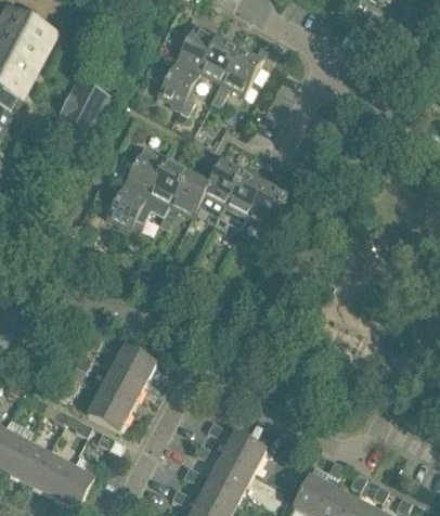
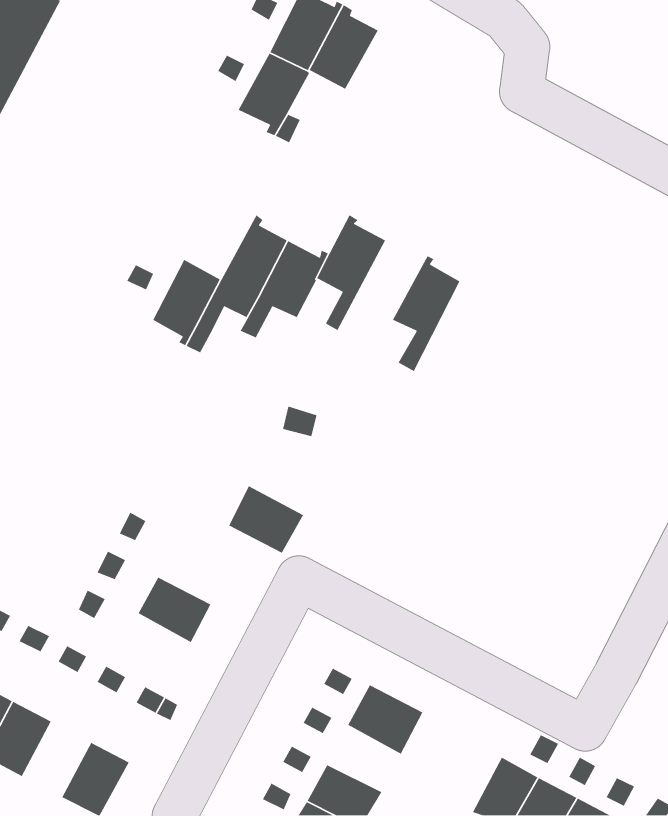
building: [210,48,263,105] -> none
building: [55,78,108,140] -> none
building: [126,147,168,193] -> none
building: [216,170,268,229] -> none
building: [111,343,155,383] -> [228,485,304,554]
building: [87,388,130,428] -> none
building: [31,451,72,495] -> none
building: [209,453,253,492] -> none

